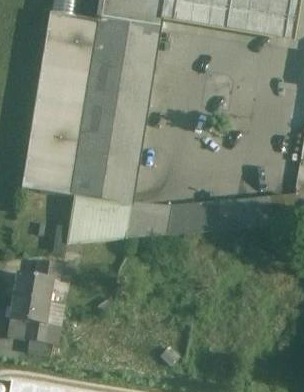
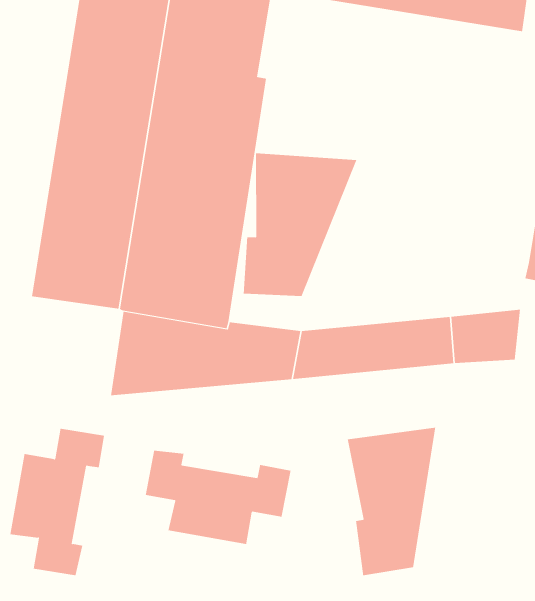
building: none -> [243,152,357,297]
building: none -> [347,427,436,576]
building: none -> [145,450,291,545]

